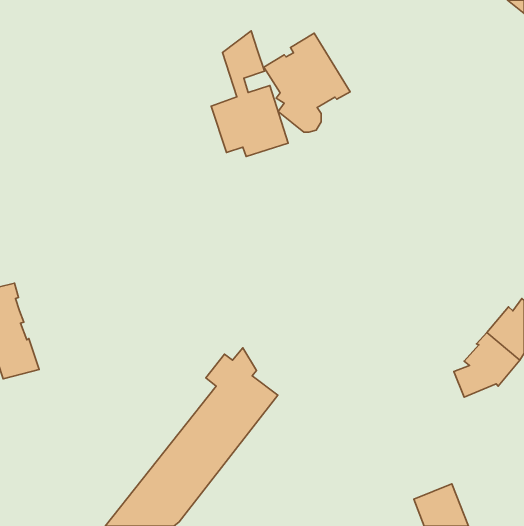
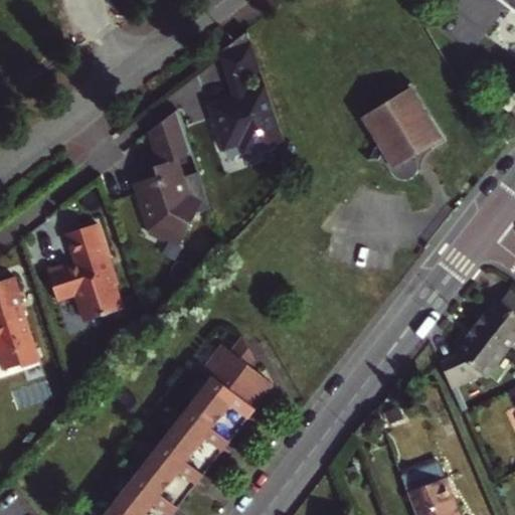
building: [264,33,350,132] -> [361,84,446,181]
building: none -> [133,109,208,243]
building: none -> [46,223,121,321]

